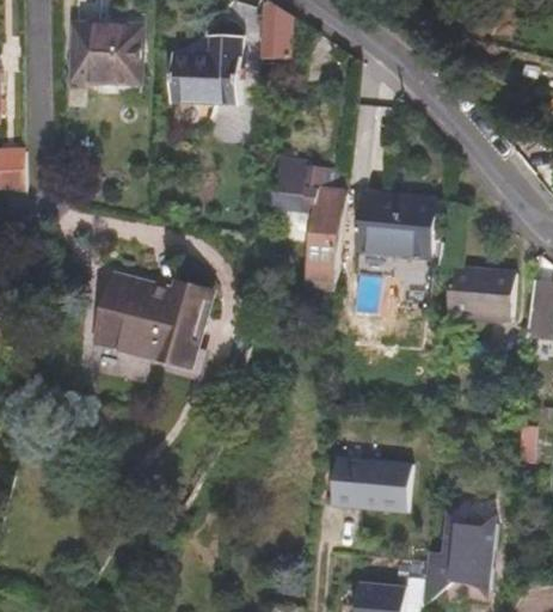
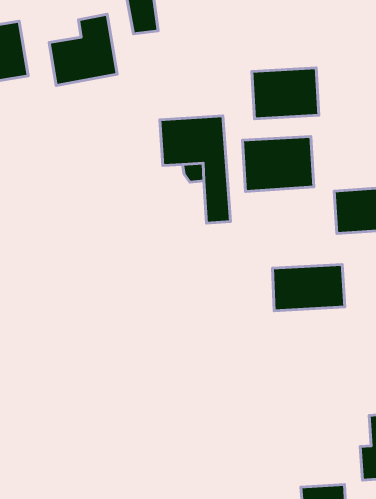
building: none -> [252,68,319,119]
building: [94,275,204,357] -> none
building: [334,454,417,509] -> [273,264,345,311]

